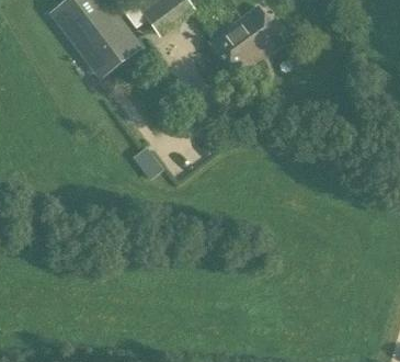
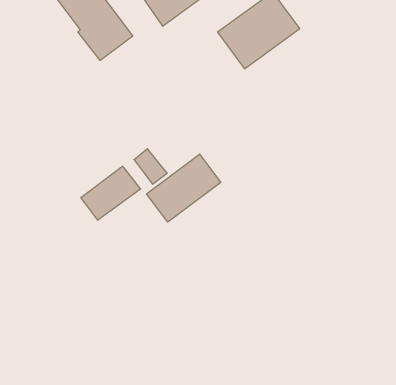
building: none -> [147,154,221,222]
building: none -> [81,166,141,220]

